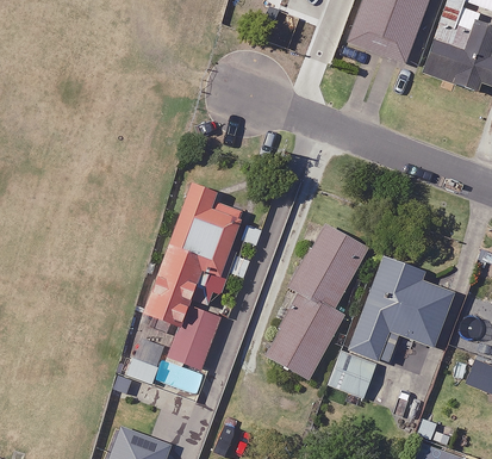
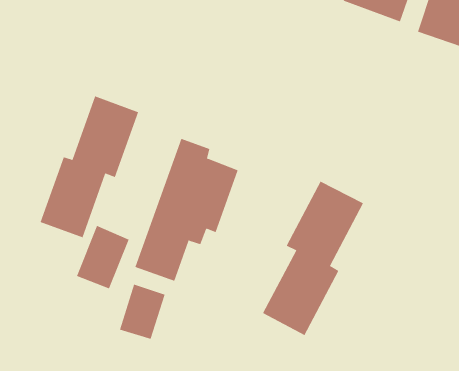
building: none -> [40,95,139,238]
building: [329,261,454,398] -> none
building: [167,304,220,368] -> [76,225,129,289]

